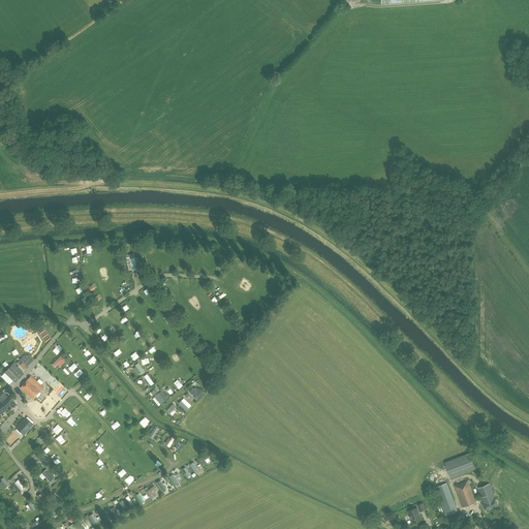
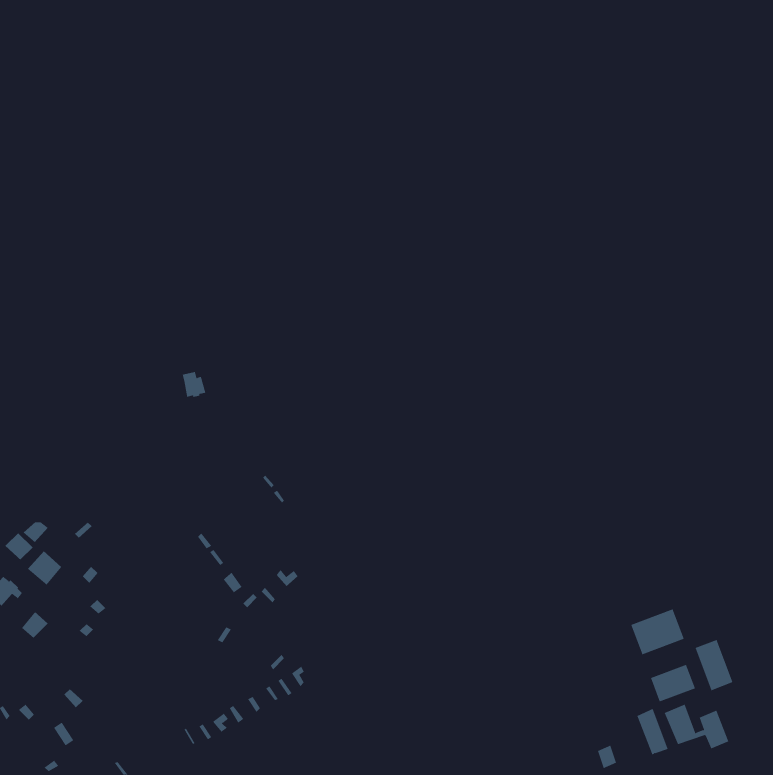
building: none -> [631,609,684,655]
building: none -> [695,639,733,691]

